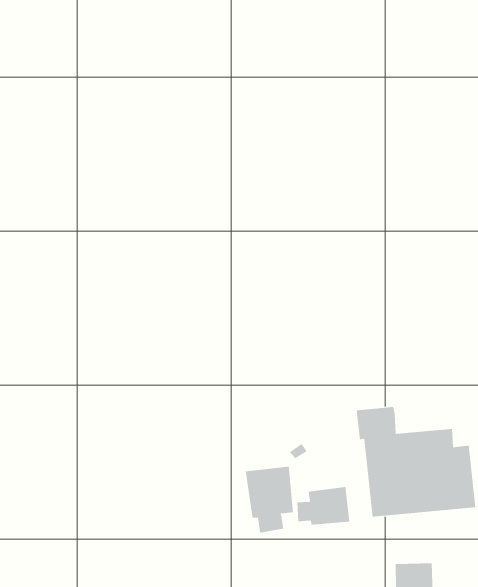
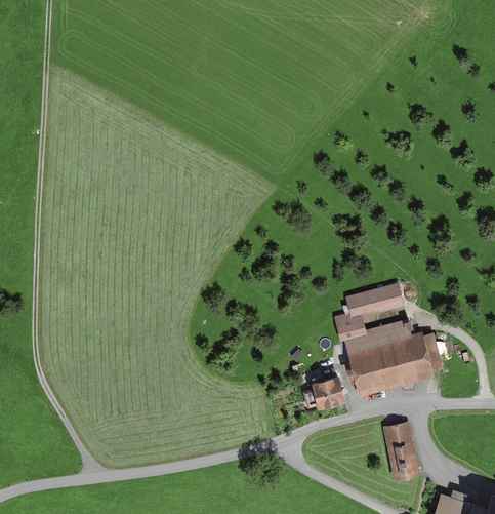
building: none -> [346,283,405,317]
building: [245,466,294,533] -> none

